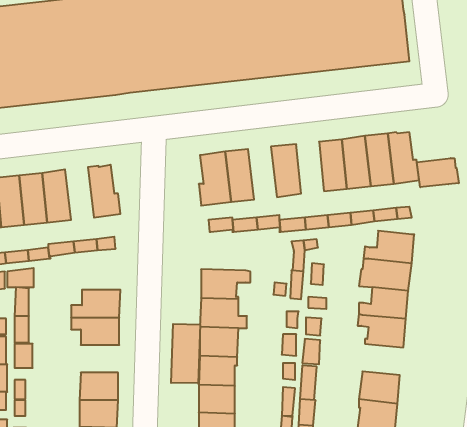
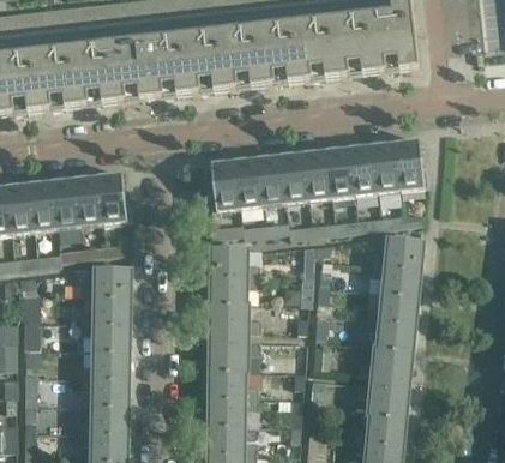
building: none -> [305,149,332,200]
building: none -> [257,154,285,206]
building: [417,158,459,187] -> none
building: none -> [74,174,103,227]
building: none -> [210,248,259,278]
building: none -> [80,267,130,296]
building: [171,324,200,383] -> none
building: none -> [371,350,411,381]
building: none -> [90,351,128,379]

